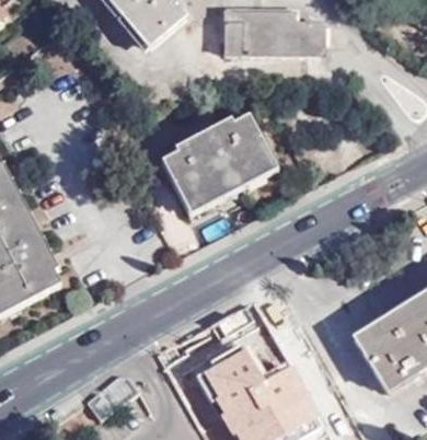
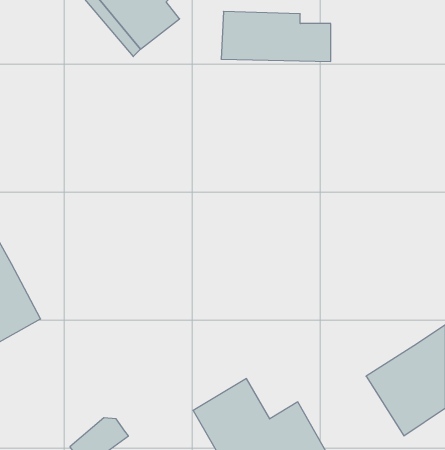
building: [162,116,272,208] -> none

